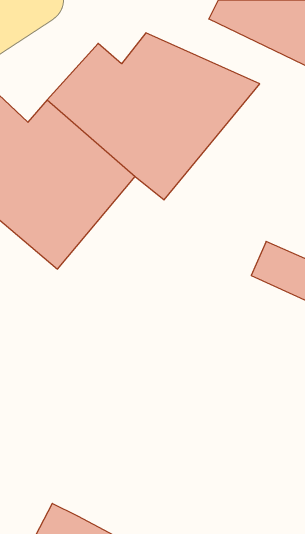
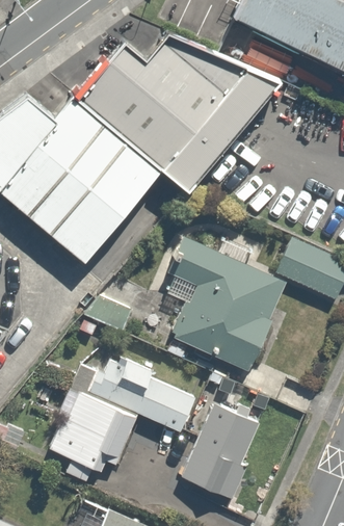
building: none -> [156,239,280,370]
building: none -> [44,357,199,494]
building: none -> [177,399,261,501]

